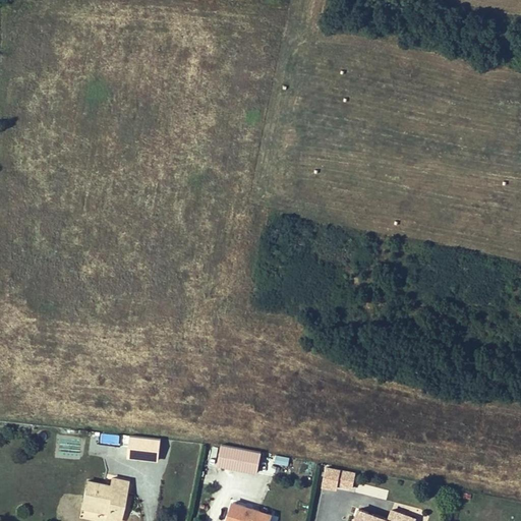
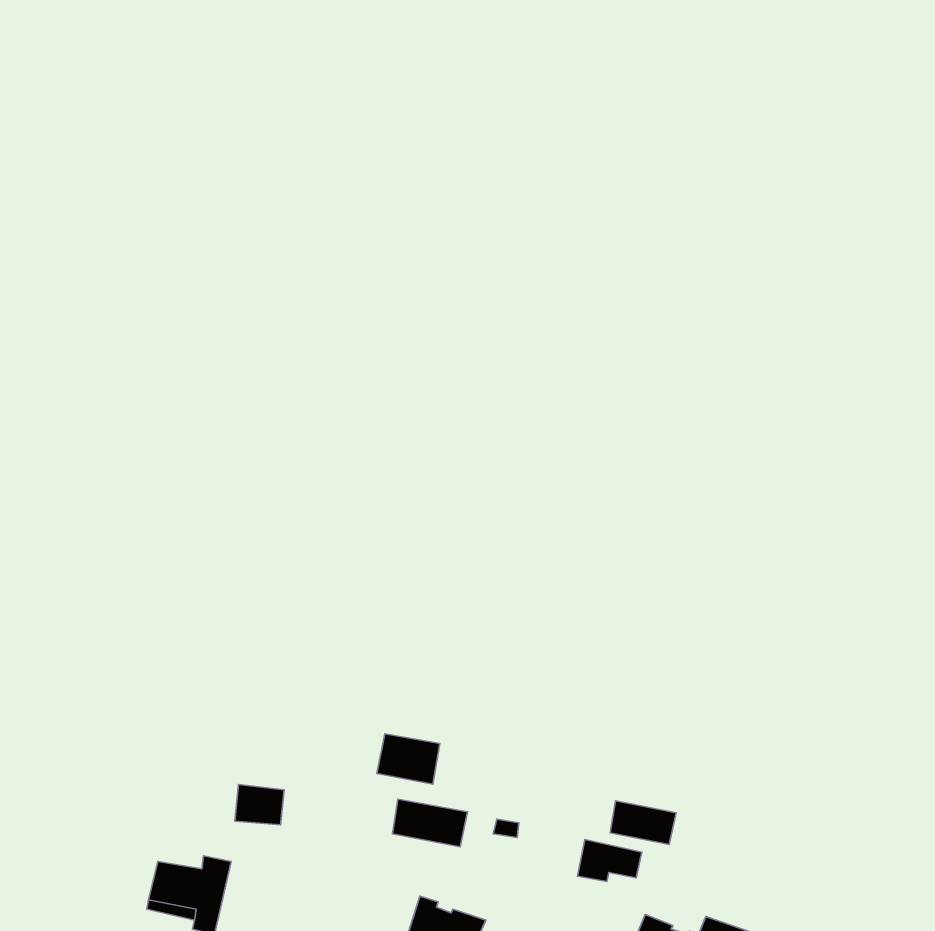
building: none -> [377,734,440,784]
building: none -> [610,801,676,844]

